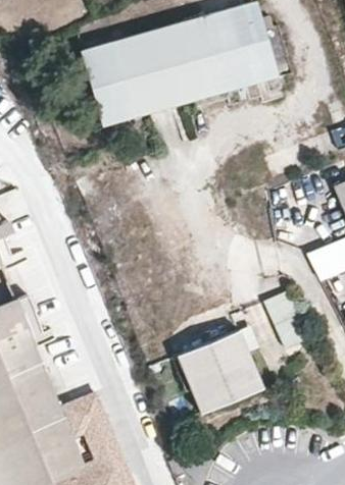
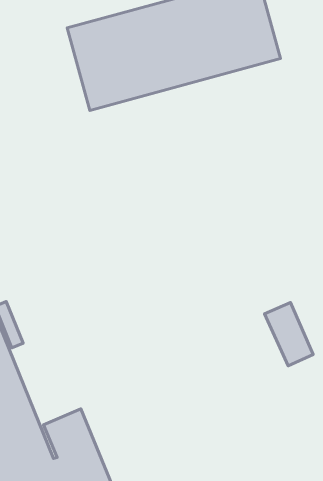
building: [172,336,257,419] -> none

